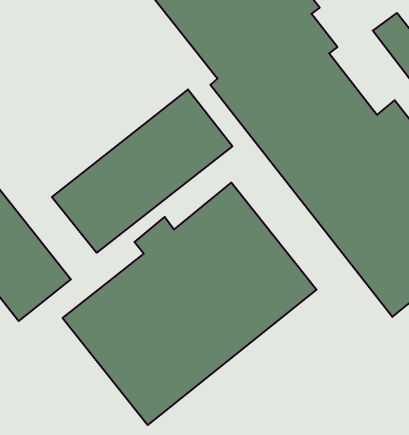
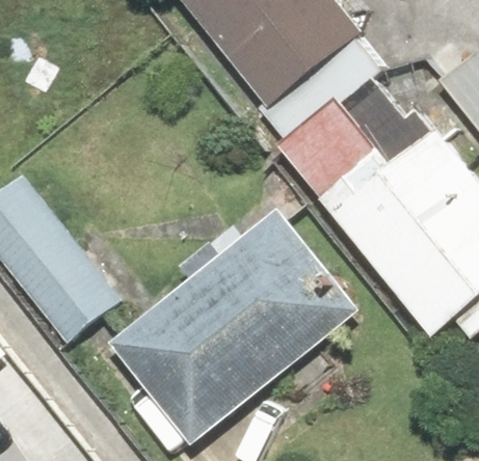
building: [52,89,232,253] -> none

